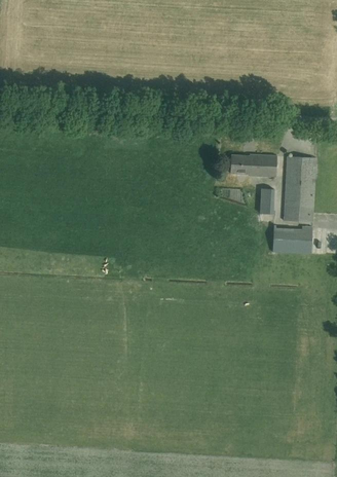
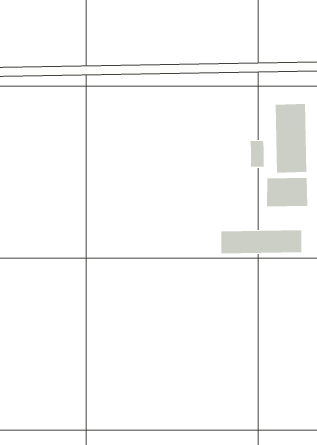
building: [230,154,276,178] -> none
building: none -> [221,229,302,254]

